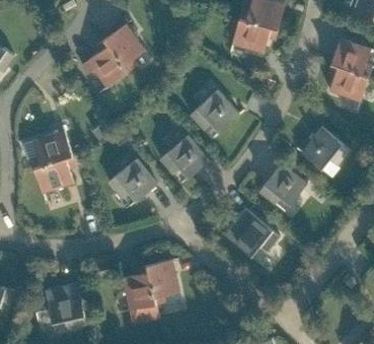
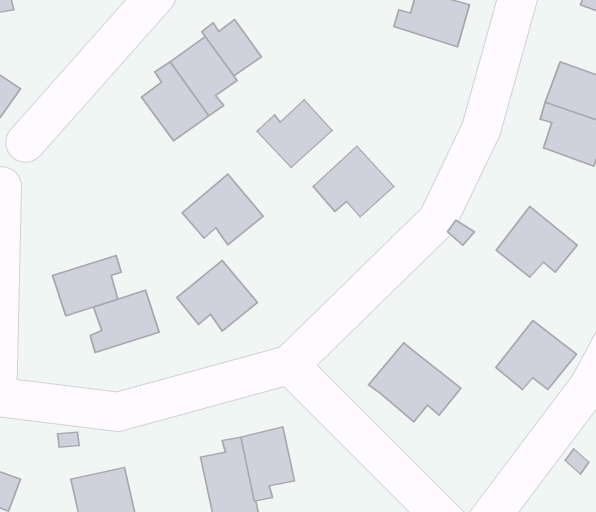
building: none -> [202,20,261,76]
building: [232,18,278,53] -> none
building: none -> [257,100,332,167]
building: [30,131,72,168] -> [90,290,159,352]
building: [160,136,209,179] -> [182,174,263,245]
building: [258,163,307,205] -> [496,321,576,389]

